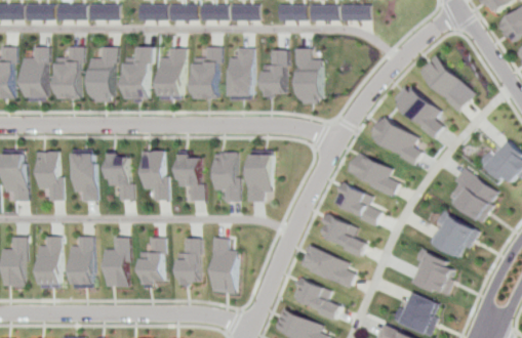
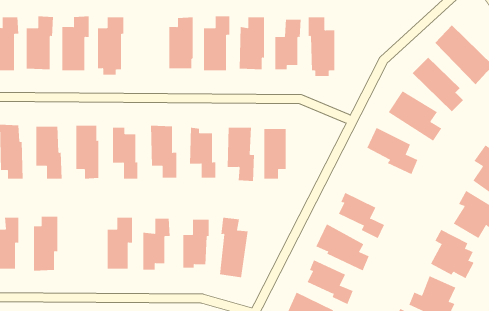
building: [128,47,152,97] -> none
building: [337,181,383,226] -> none
building: [68,237,91,288] -> none

